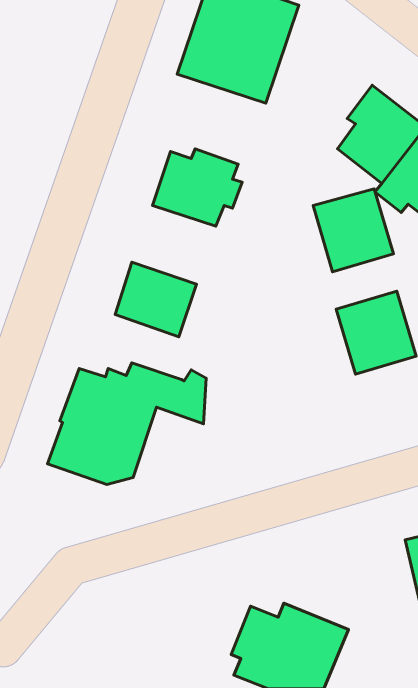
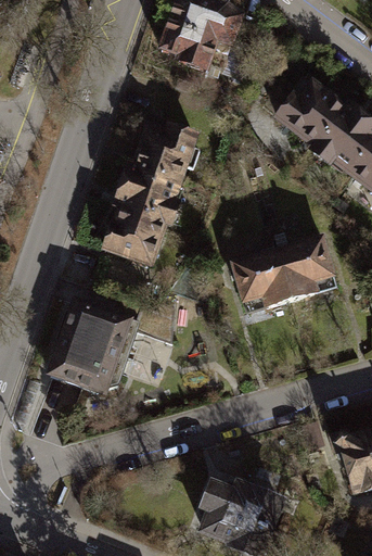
building: [313,189,393,272] -> [229,244,292,309]
building: none -> [113,163,183,227]

